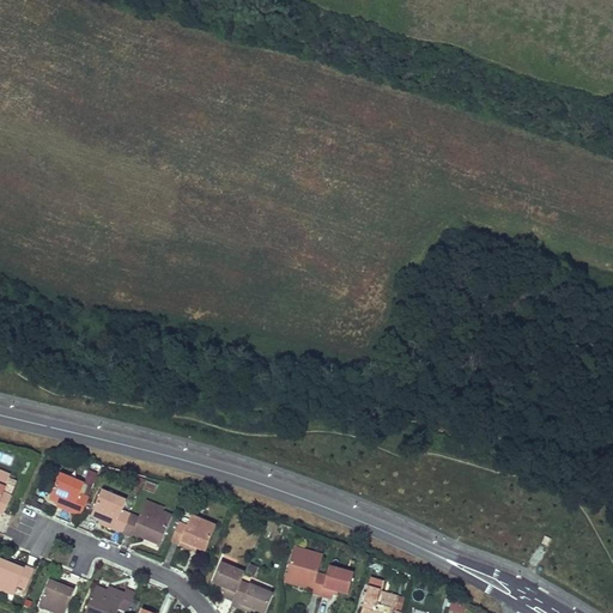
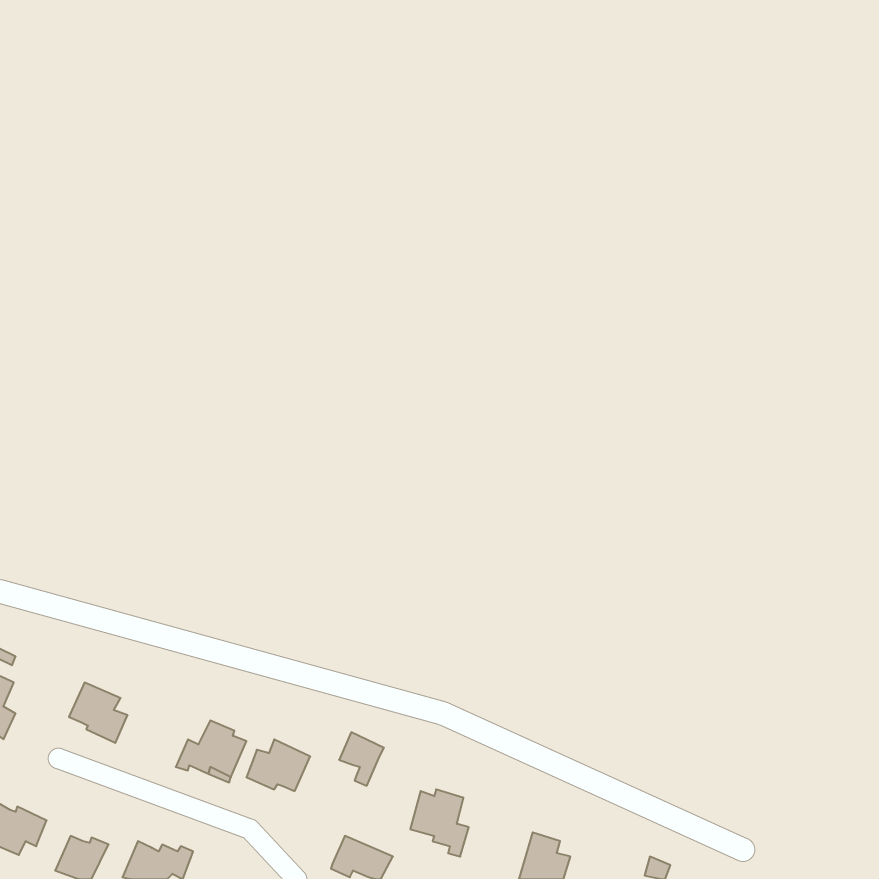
building: [90,490,131,533] -> none
building: [212,563,243,600] -> [339,732,384,786]
building: [320,565,353,597] -> none

